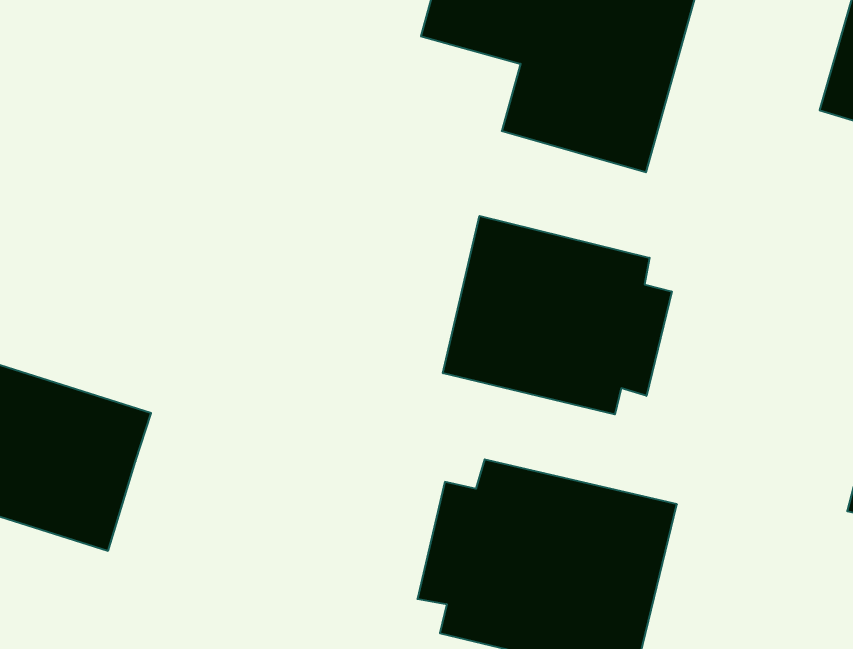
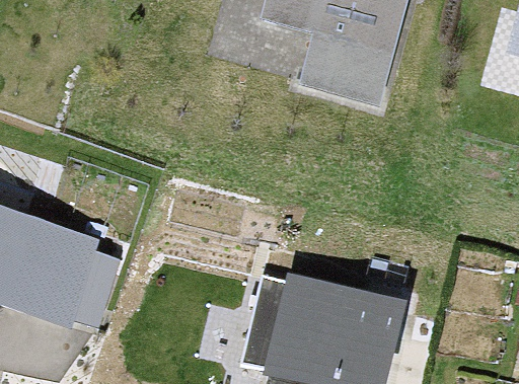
building: [443,216,672,414] -> none

